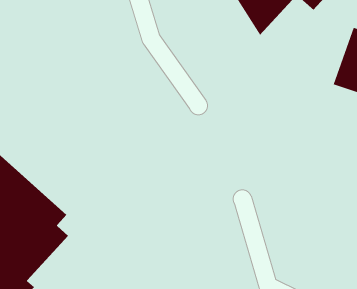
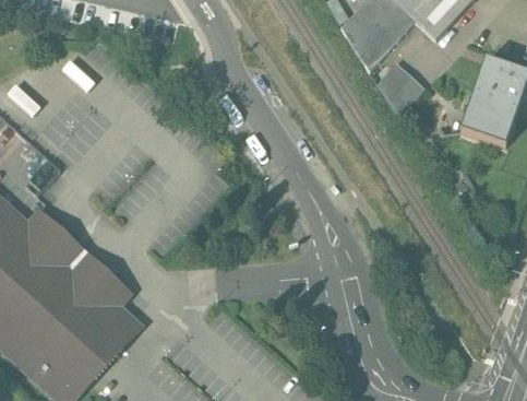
building: none -> [372,59,424,109]

